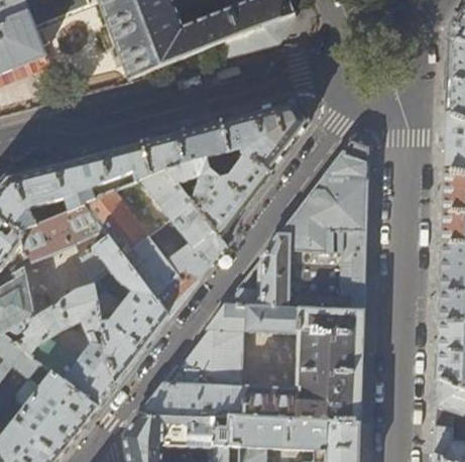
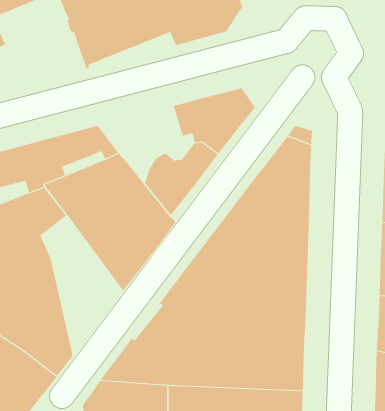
building: [142,122,231,186] -> none
building: [82,238,168,386] -> none

